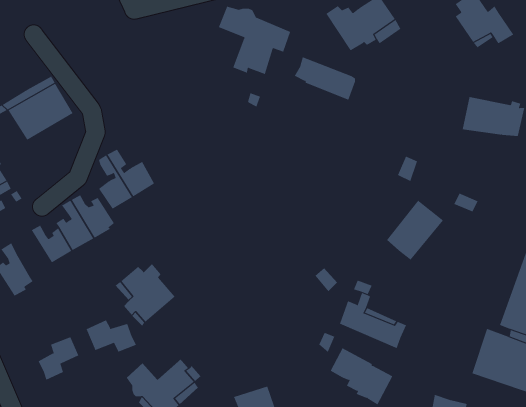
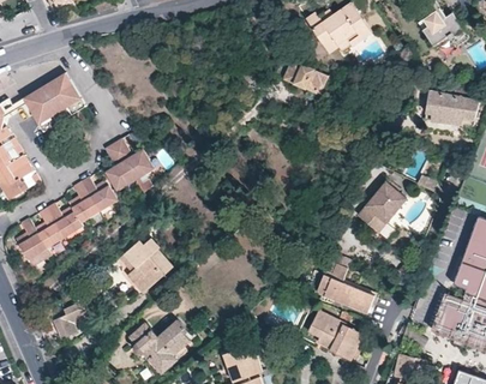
building: [218,6,291,75] -> none
building: none -> [35,208,65,248]
building: [86,319,137,352] -> none

